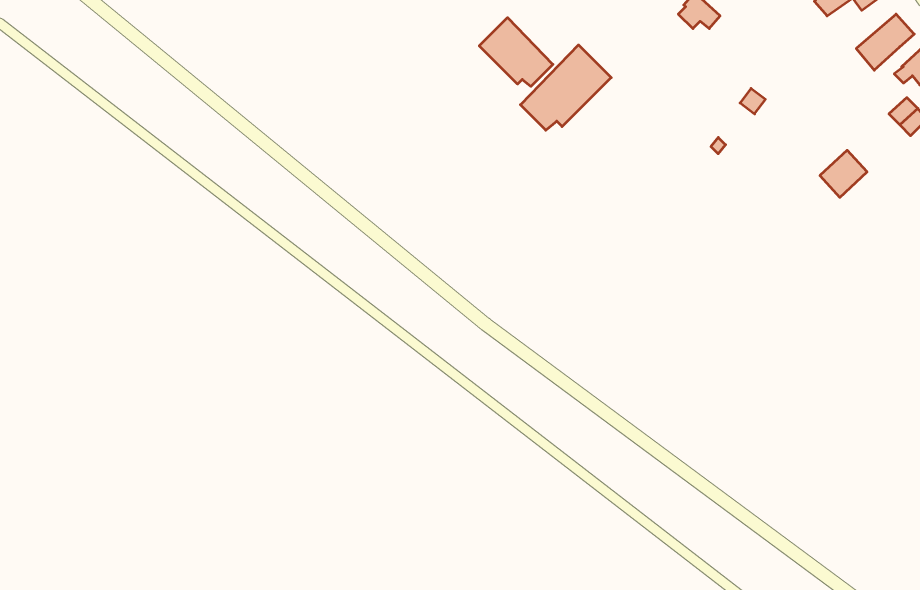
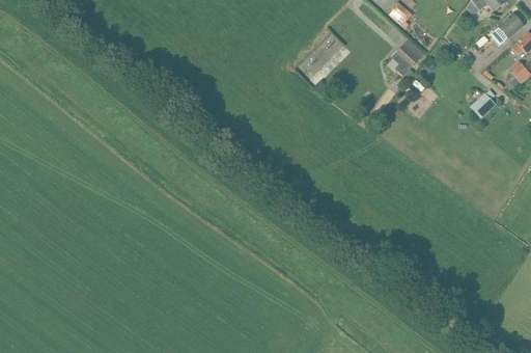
building: [479,18,553,86] -> none
building: none -> [394,44,422,76]

